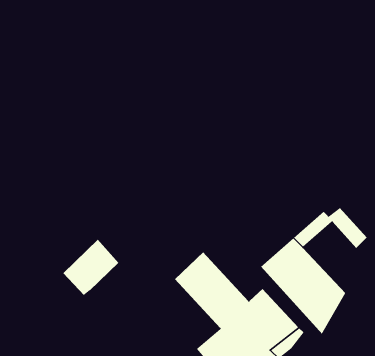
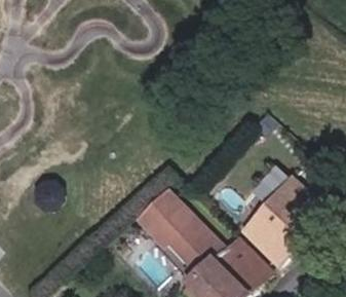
building: [62,239,119,296] -> [140,189,186,235]

